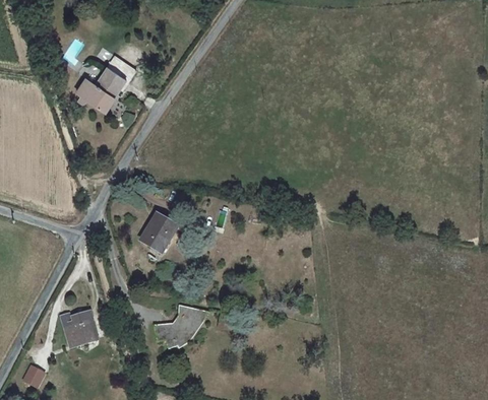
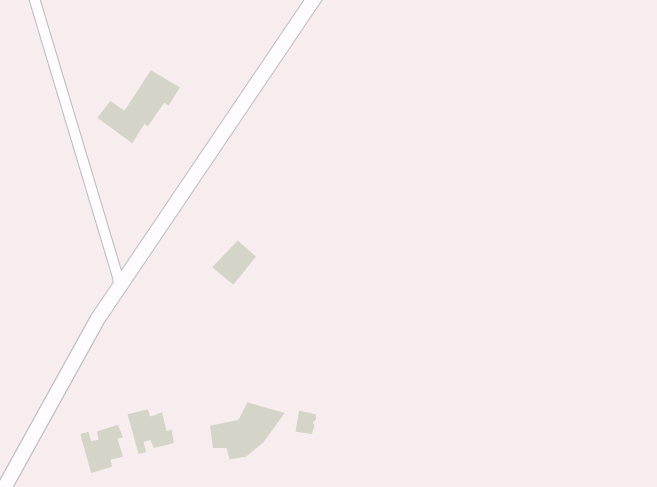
building: [141,214,175,248] -> [211,240,257,286]
building: none -> [127,409,175,455]

